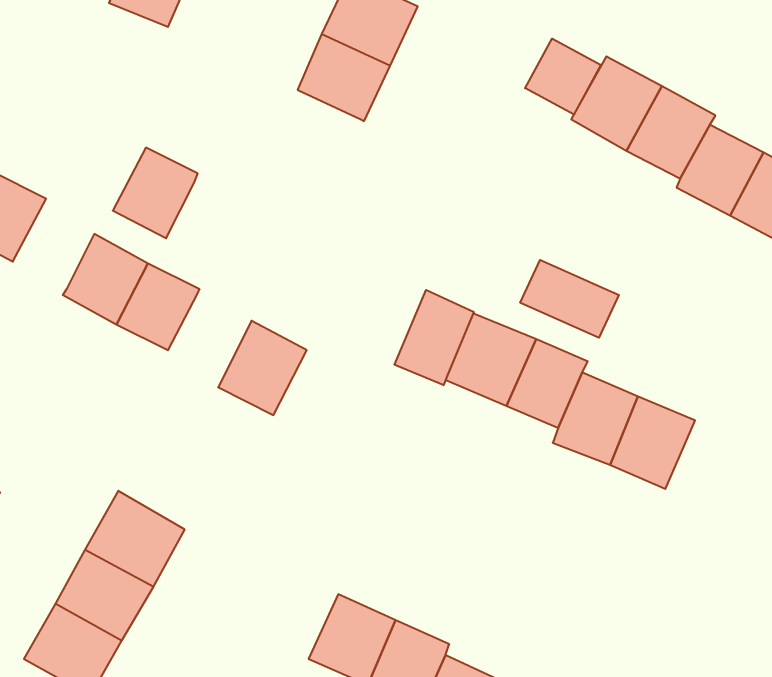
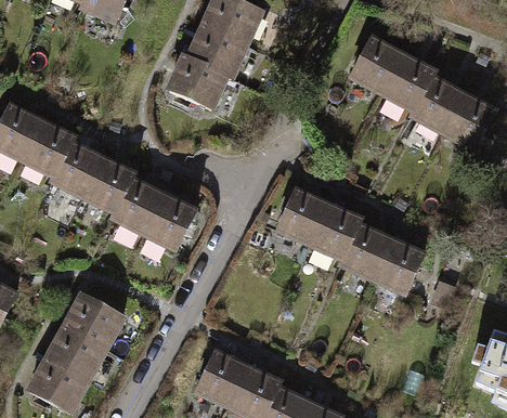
building: [525,39,601,115] -> none
building: none -> [169,56,226,108]
building: [113,148,198,238] -> [23,122,73,175]
building: [520,260,619,338] -> none
building: [394,290,474,385] -> none
building: none -> [110,178,162,233]

